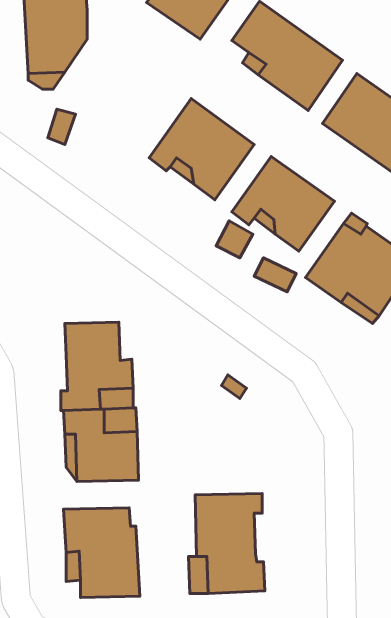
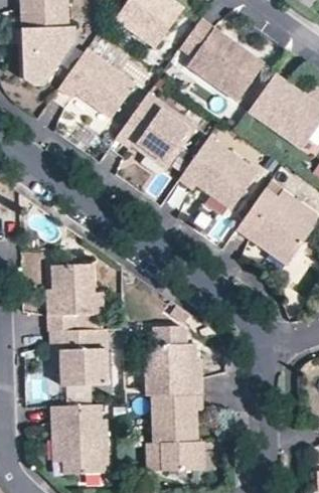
building: none -> [58,48,136,118]
building: none -> [145,326,202,395]

